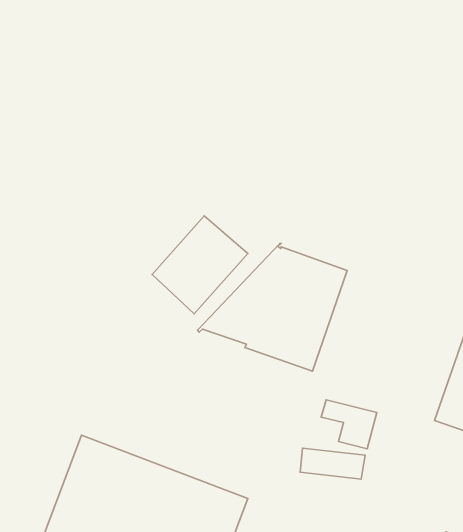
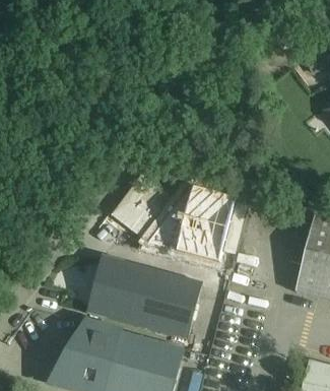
building: none -> [87,255,202,339]

